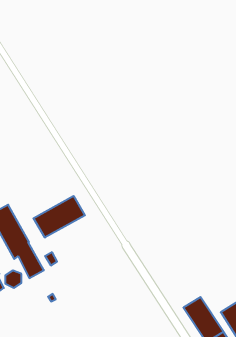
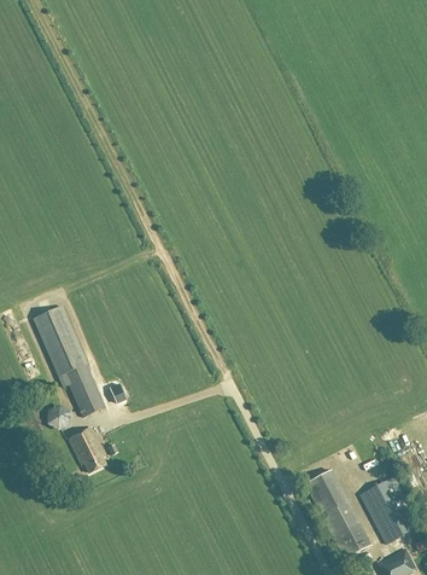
building: [33,196,85,238] -> none
building: none -> [69,426,106,471]

